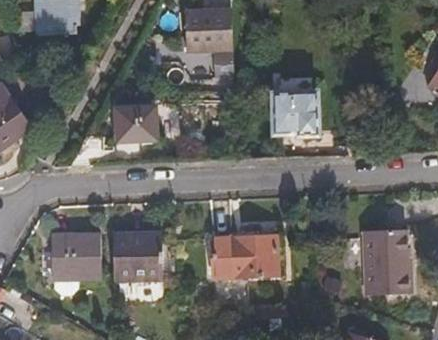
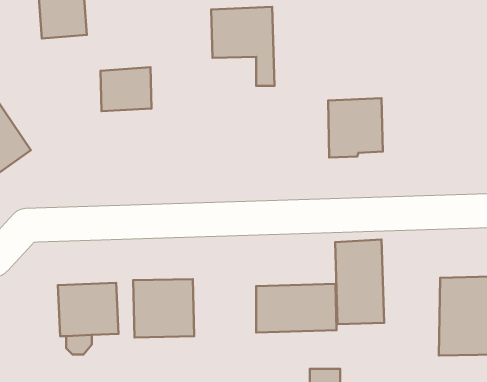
building: [114,104,156,140] -> [100,67,152,111]
building: none -> [335,239,384,324]

